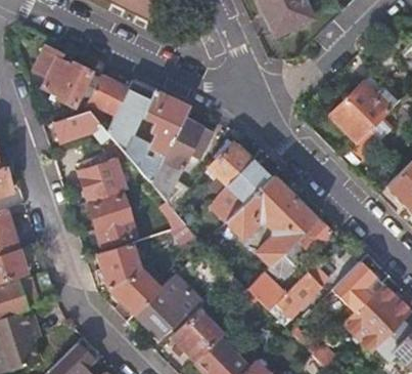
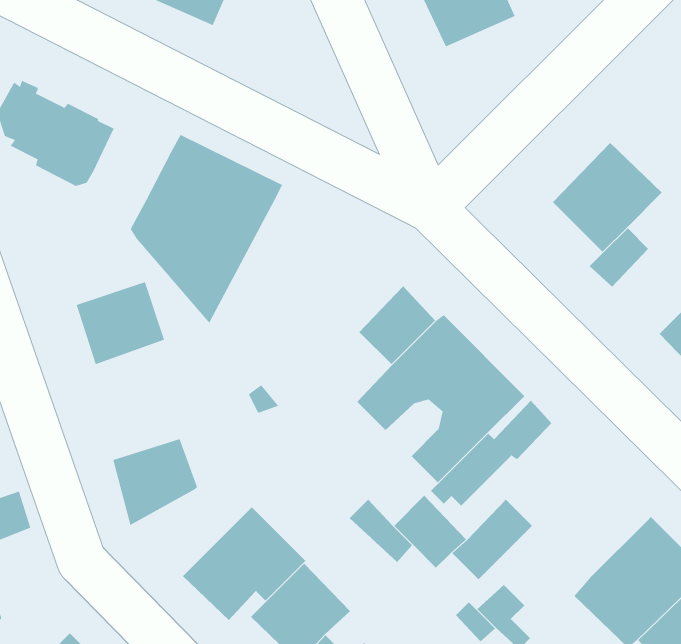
building: [89,76,130,116] -> none
building: [56,111,111,143] -> none
building: [151,116,214,190] -> none
building: [212,143,253,185] -> none
building: [91,196,137,245] -> none
building: [333,263,381,316] -> none
building: [108,268,162,315] -> none

